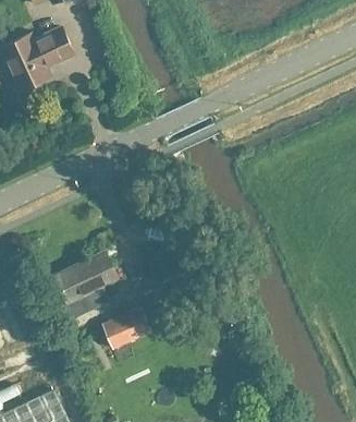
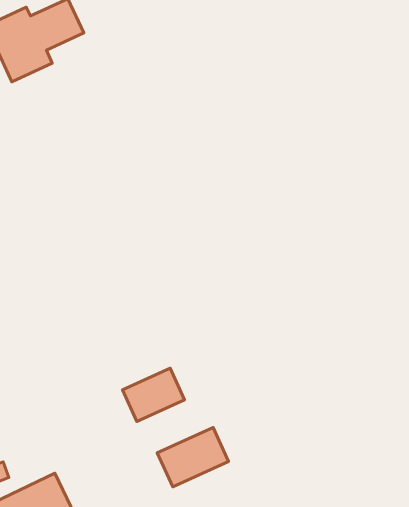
building: [54,256,119,308] -> none
building: none -> [157,427,229,487]

